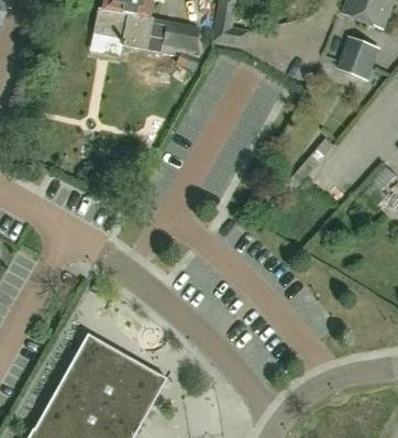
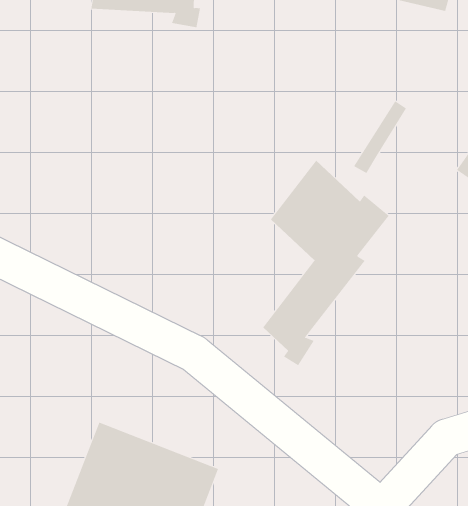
building: none -> [262,160,390,366]

